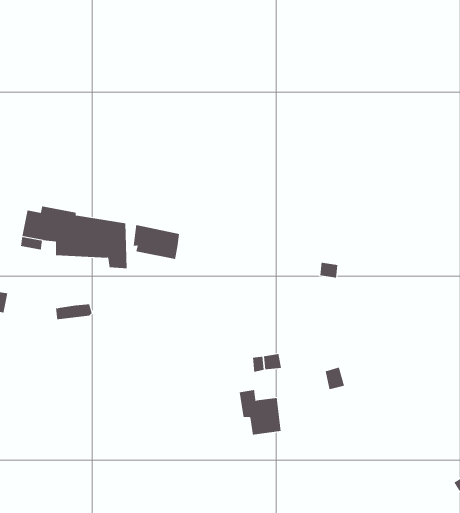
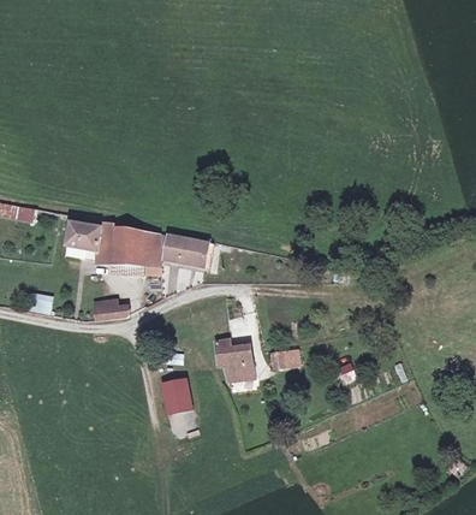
building: none -> [162,379,194,414]
building: [239,389,282,435] -> [215,339,254,380]

